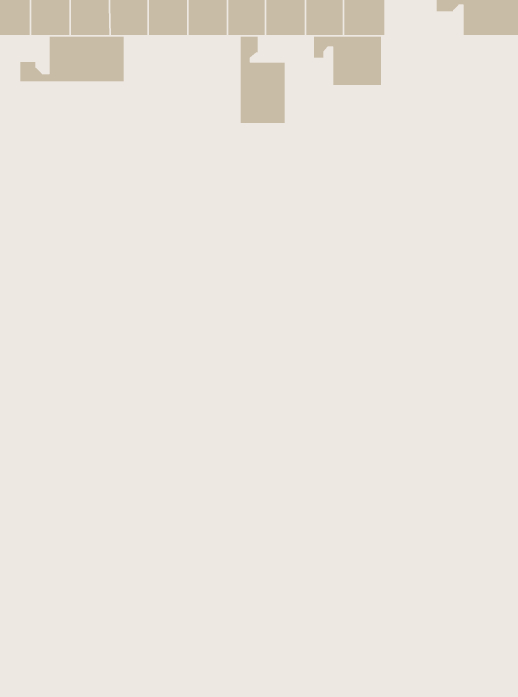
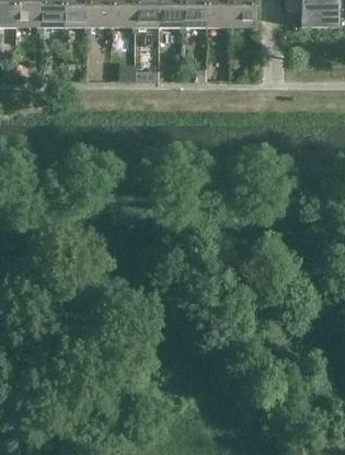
building: [19,36,124,82] -> none
building: [240,36,286,124] -> none
building: [313,36,382,86] -> none

